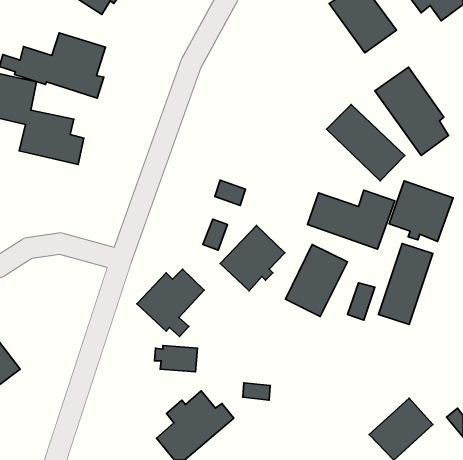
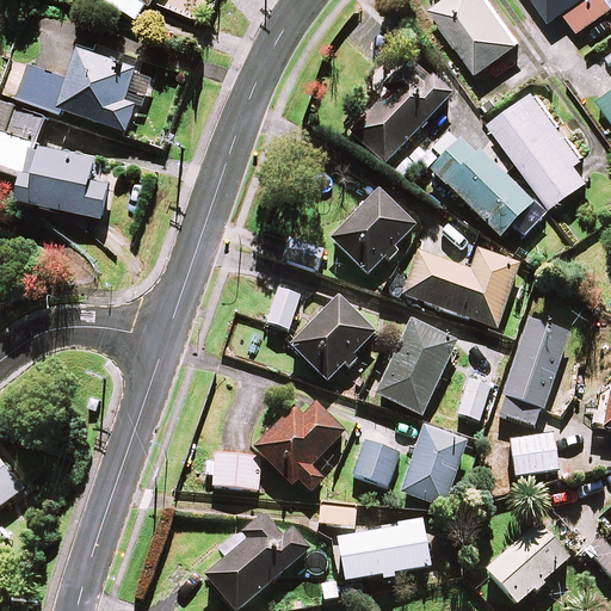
building: none -> [348,51,451,165]
building: none -> [328,187,415,276]
building: [389,181,453,241] -> none
building: [137,269,204,337] -> [254,403,342,492]
building: none -> [400,427,465,507]
building: none -> [510,436,557,476]
building: none -> [352,440,397,485]
building: none -> [337,525,430,581]

